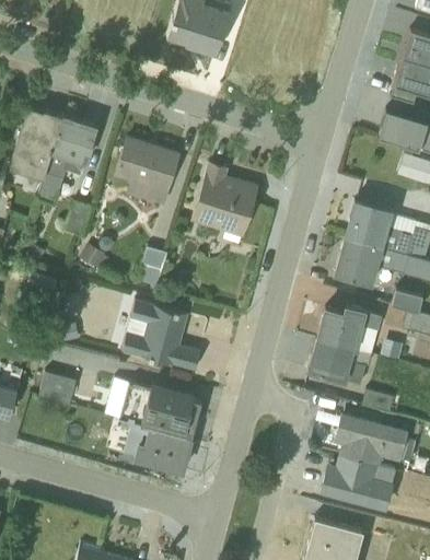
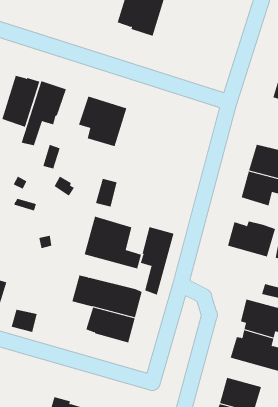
building: [191,163,258,244] -> none
building: none -> [140,226,174,295]
building: [309,339,372,384] -> none
building: [40,373,77,405] -> [11,309,38,332]

